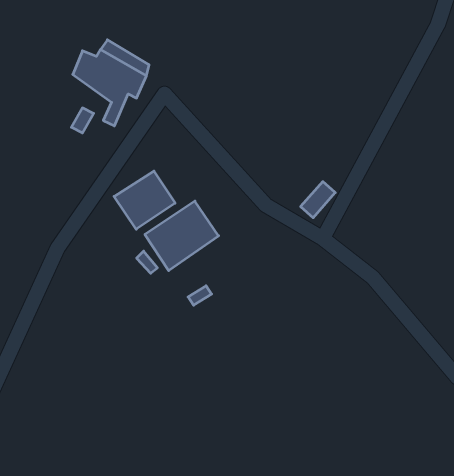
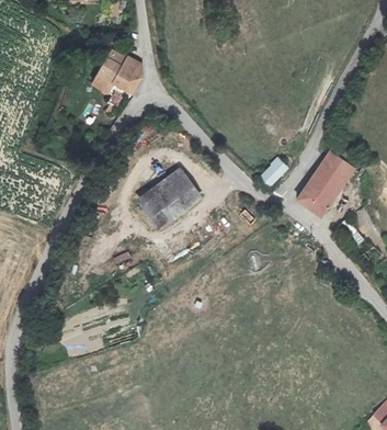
building: [114,171,175,229] -> none
building: none -> [297,150,353,216]

